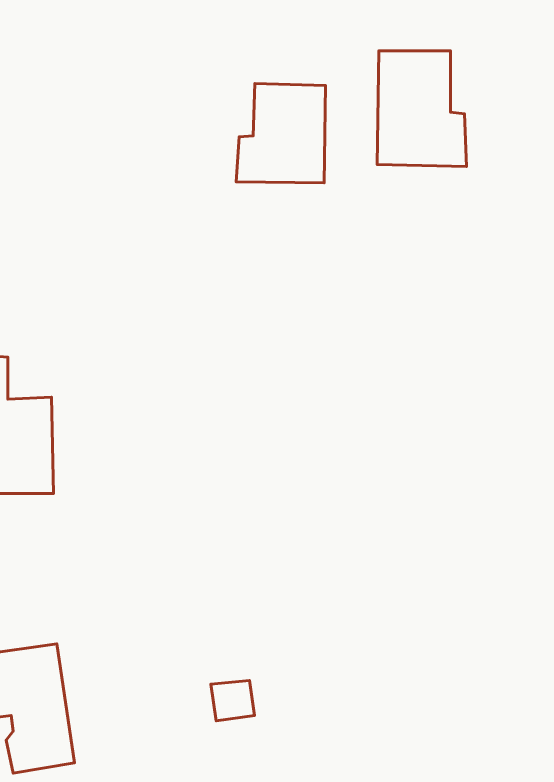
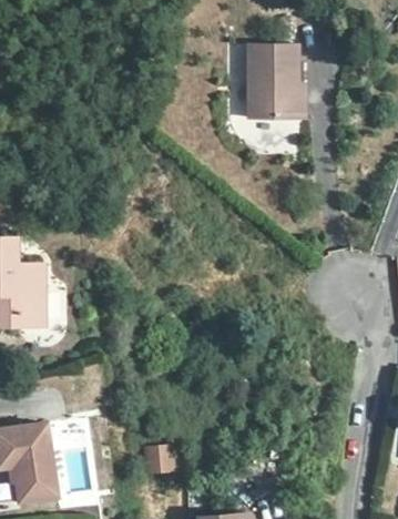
building: [236,83,326,183] -> none

